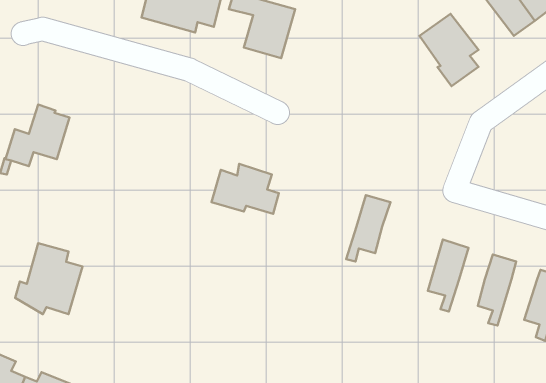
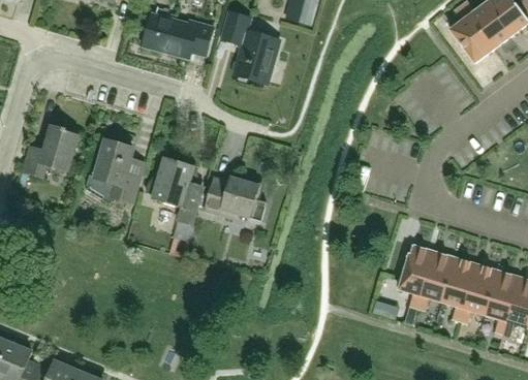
building: [420,14,479,86] -> none
building: none -> [146,155,205,223]
building: [346,195,390,261] -> [416,250,456,309]
building: [15,243,83,314] -> [86,139,146,202]
building: none -> [460,262,498,322]

